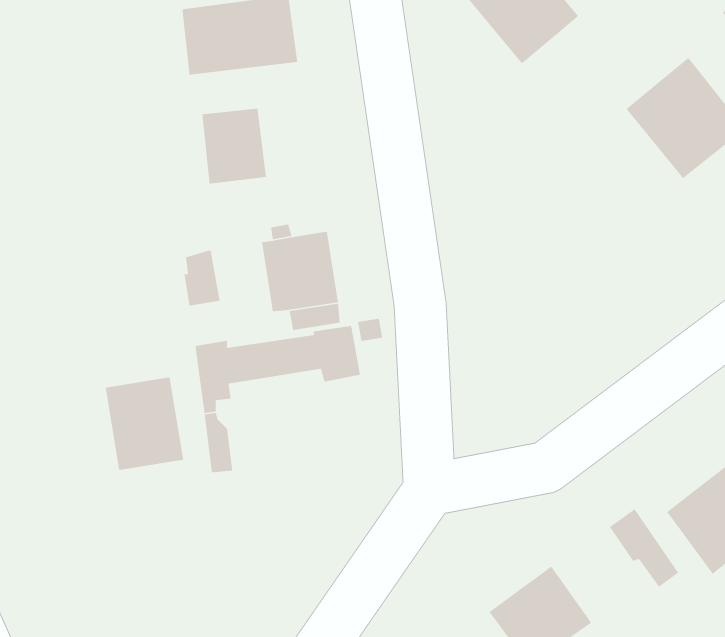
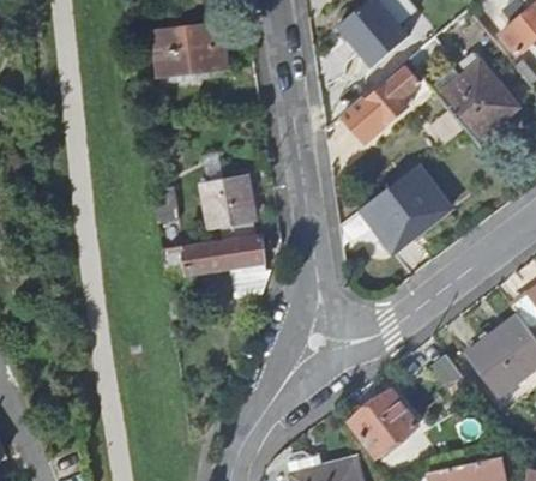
building: none -> [342,67,418,143]
building: [201,108,267,184] -> none
building: none -> [357,166,447,247]
building: [105,377,184,471] -> none

